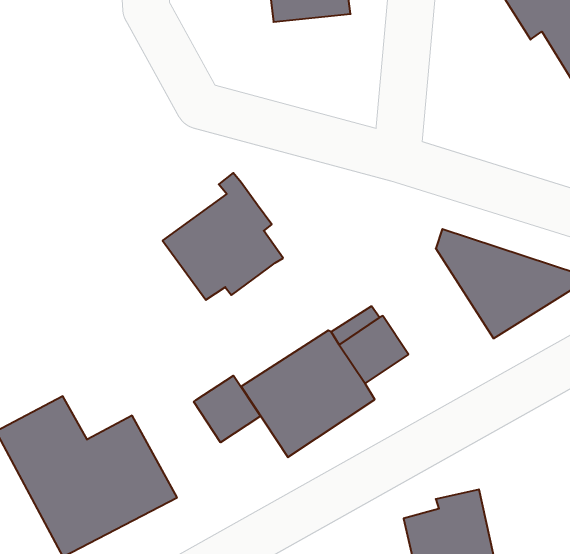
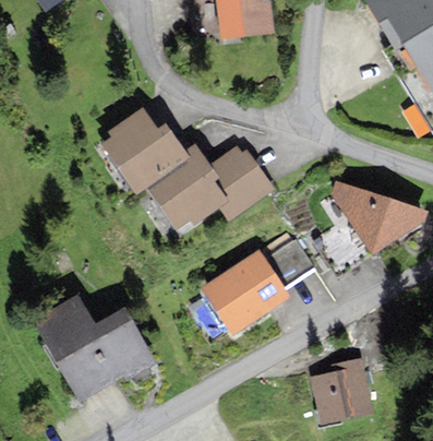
building: none -> [100,106,190,194]
building: none -> [211,144,275,222]
building: [194,376,260,442] -> none

